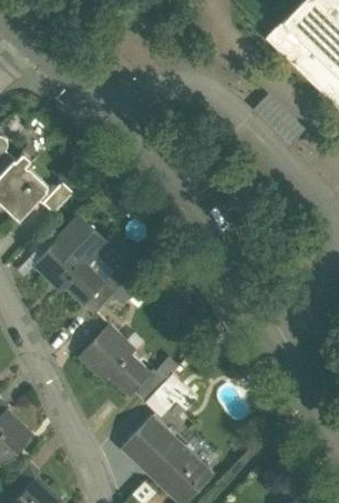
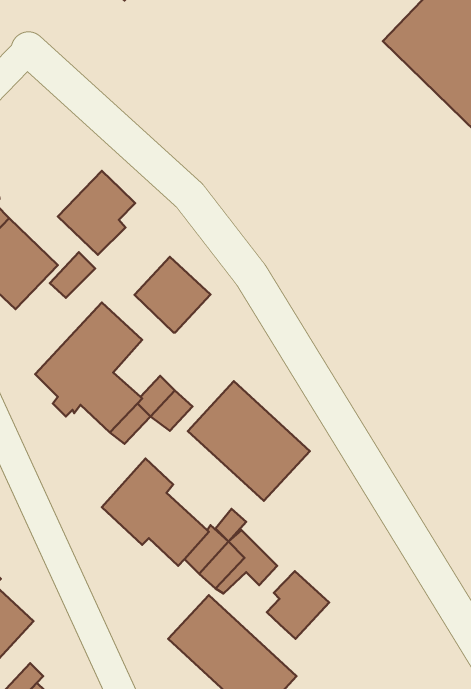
building: none -> [58,171,135,255]
building: none -> [135,257,210,332]
building: none -> [188,381,310,501]
building: none -> [267,571,329,639]

